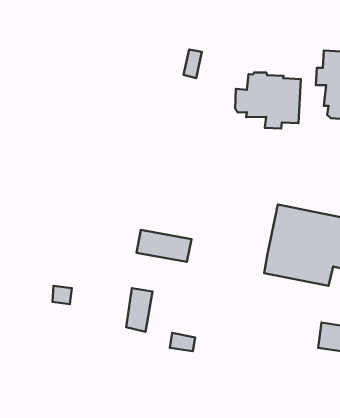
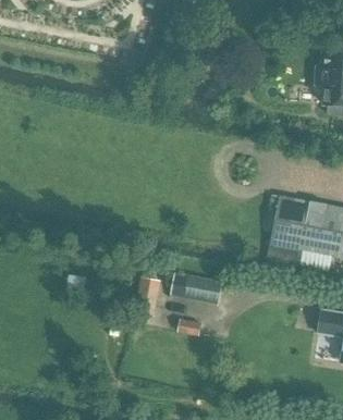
building: [235,72,301,129] -> none
building: [136,230,192,262] -> [170,272,222,302]

